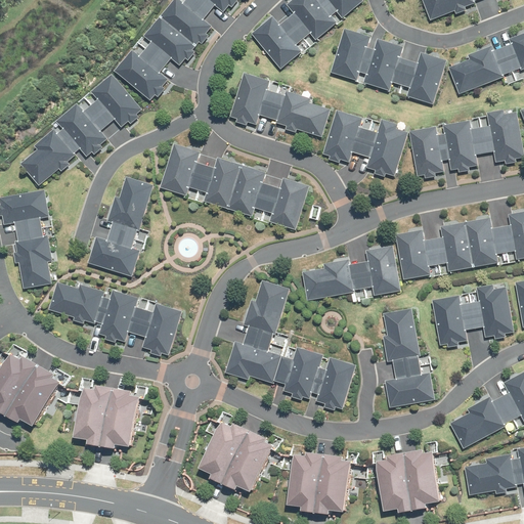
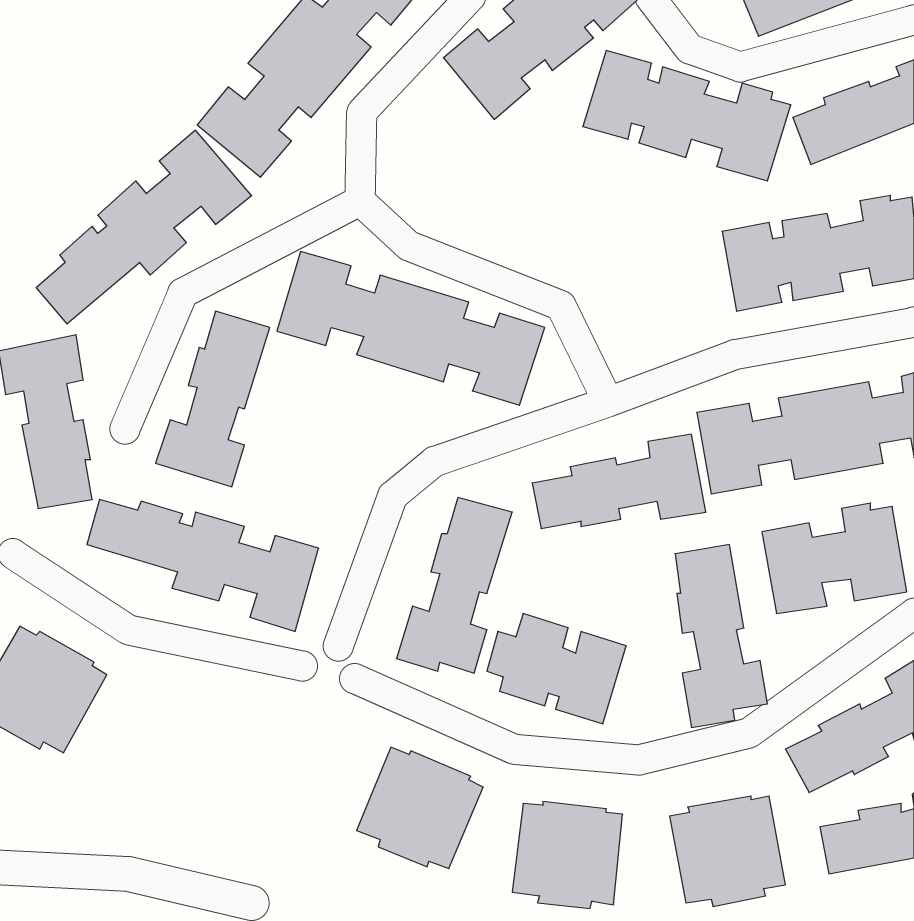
building: [229,74,330,138] -> none
building: [321,110,407,176] -> none
building: [78,388,141,448] -> none

